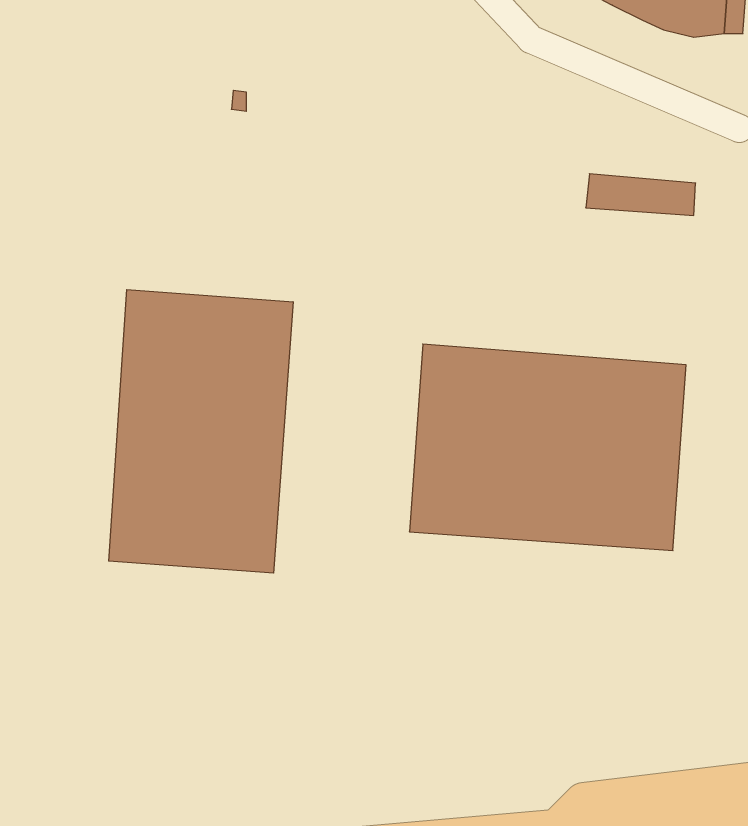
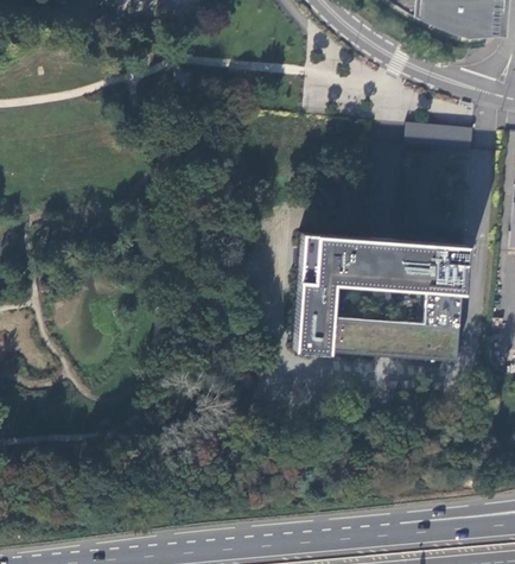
building: [109,290,293,573] -> none

